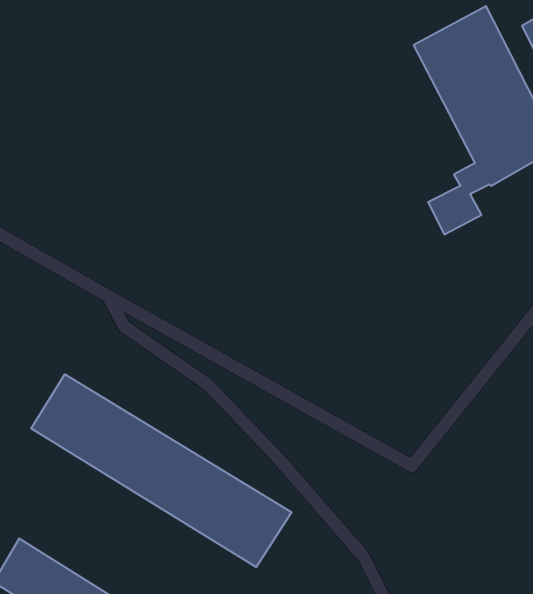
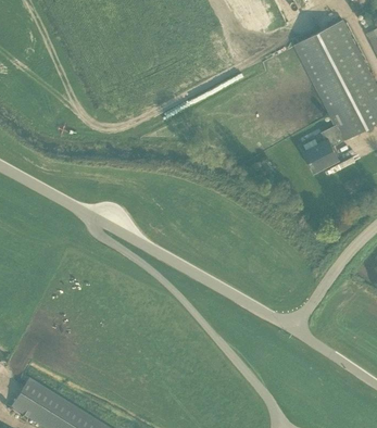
building: [31,374,291,567] -> none

